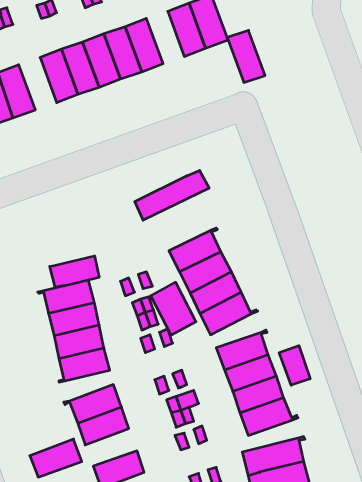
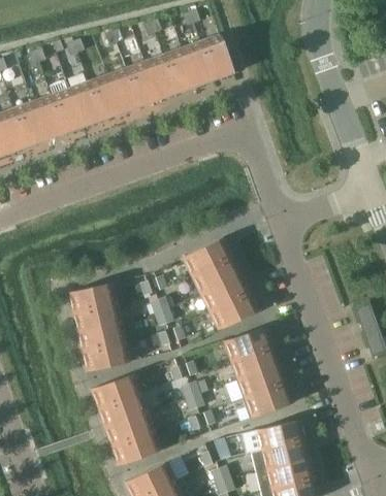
building: [227,30,265,82] -> [163,48,196,94]
building: none -> [50,79,85,134]
building: [135,170,209,220] -> none
building: [50,256,99,287] -> none
building: [151,282,196,335] -> none
building: [279,346,310,385] -> none
building: [30,439,82,477] -> [109,411,155,444]

